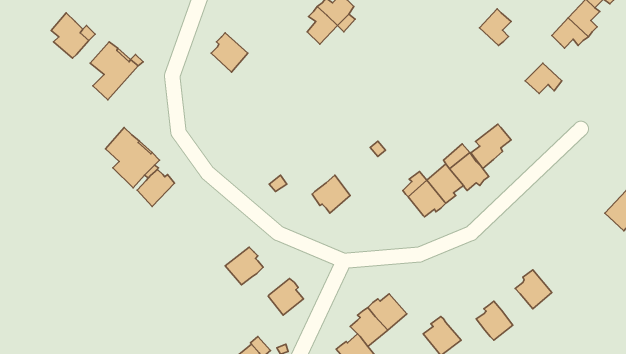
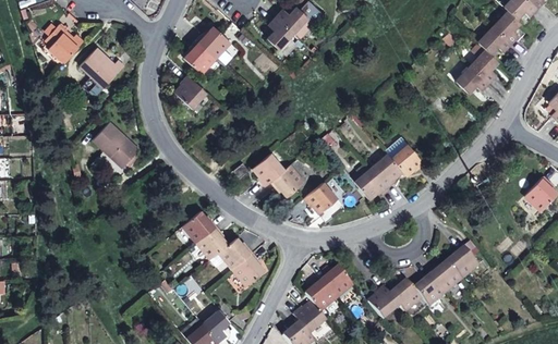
building: [480,9,511,45] -> [471,50,498,82]
building: none -> [196,26,230,58]
building: none -> [175,75,207,109]
building: [471,124,511,169] -> none
building: none -> [253,152,283,185]
building: [137,169,174,206] -> none
building: none -> [303,182,343,221]
building: none -> [183,210,217,242]
building: none -> [219,237,252,268]
building: none -> [428,261,462,293]
building: none -> [387,279,421,311]

